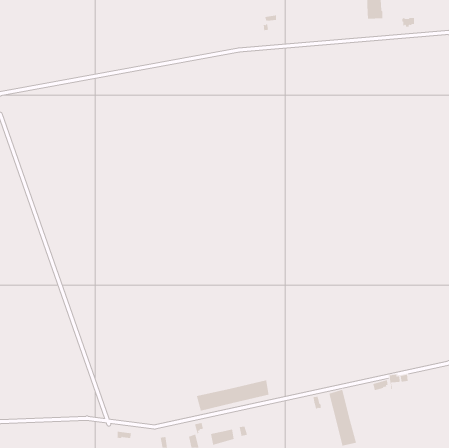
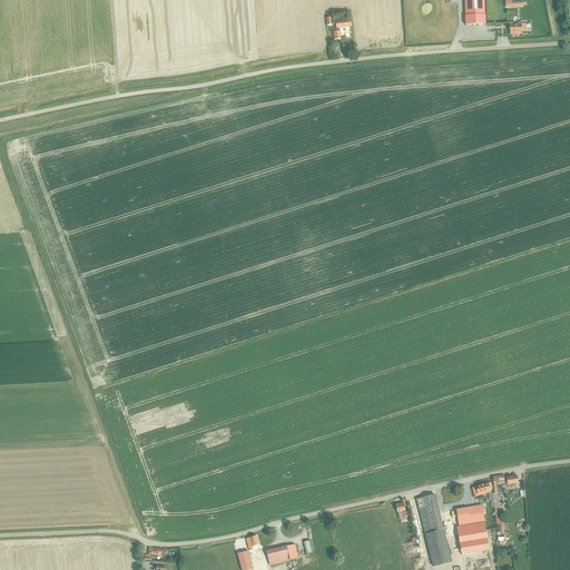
building: [196,379,269,412] -> none
building: none -> [456,504,490,553]

